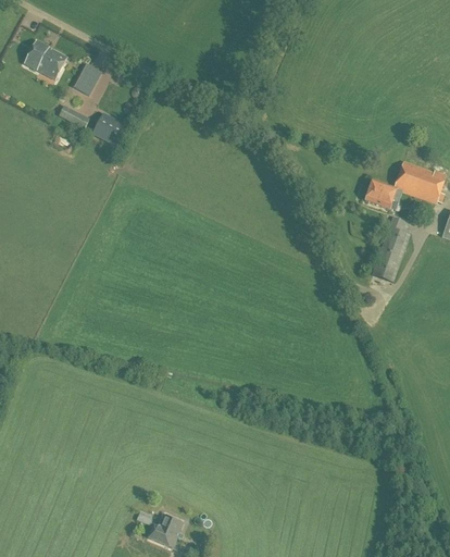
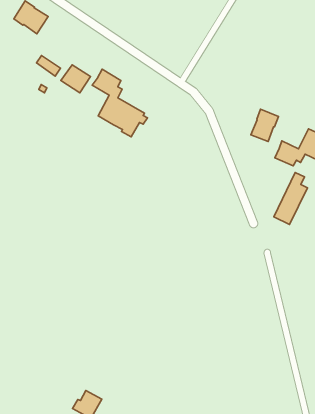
building: [71,64,101,95] -> none
building: none -> [92,69,148,137]
building: none -> [251,109,278,141]

